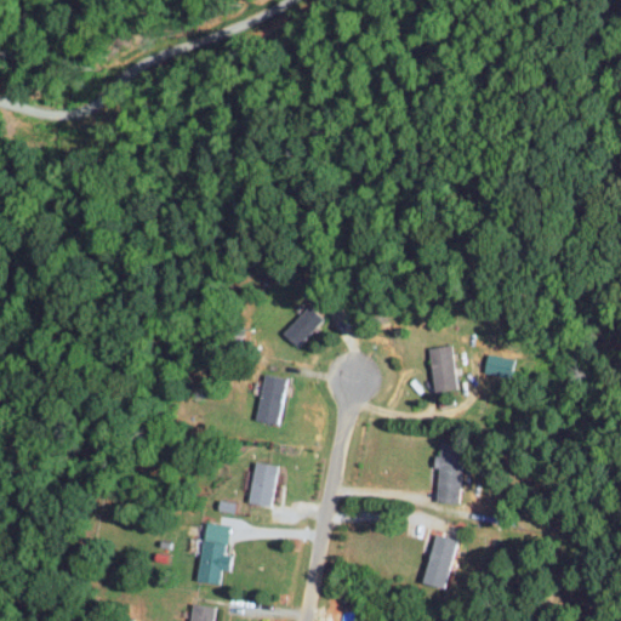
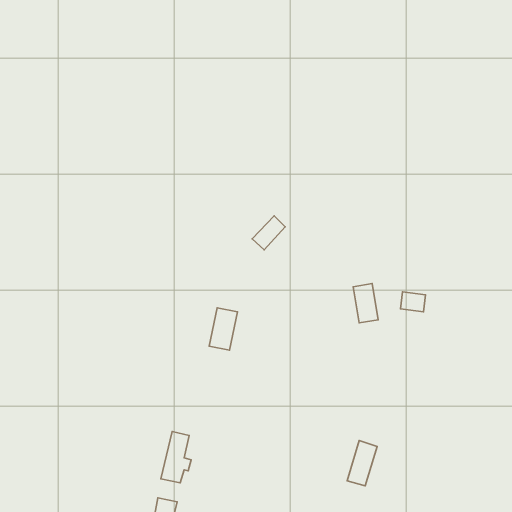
building: [284,306,324,347] -> [252,216,285,250]
building: [437,460,466,505] -> none
building: [247,461,278,506] -> none

